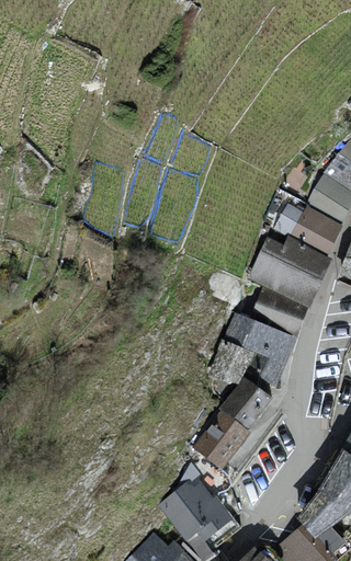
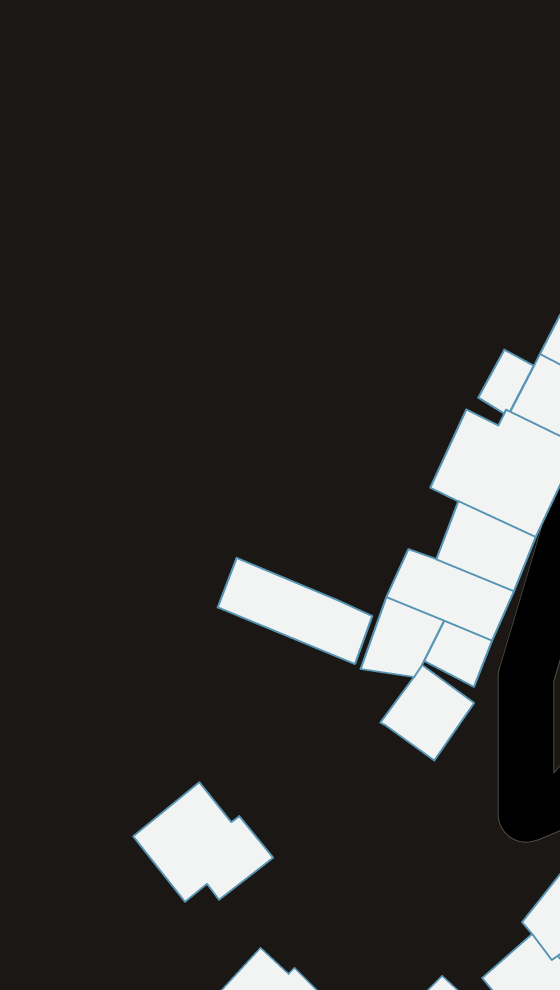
building: none -> [218,558,372,664]
building: [193,409,250,468] -> none
building: [158,477,235,542] -> [133,782,273,902]

